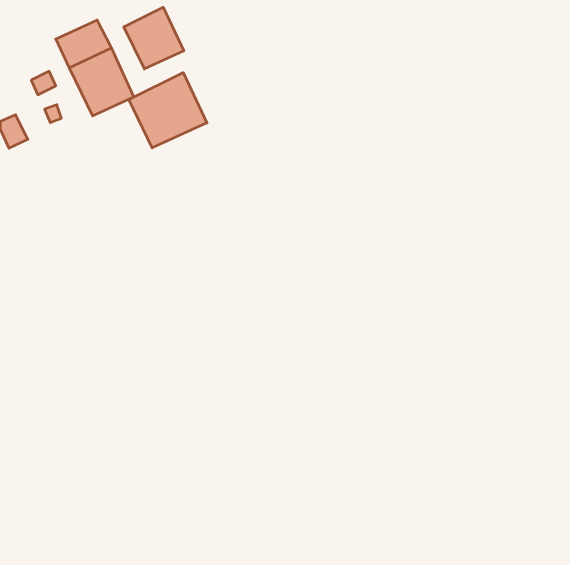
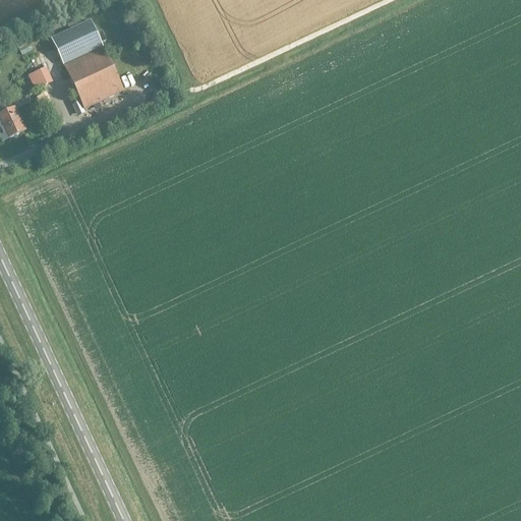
building: [124,7,184,69] -> none
building: [129,73,207,148] -> none

